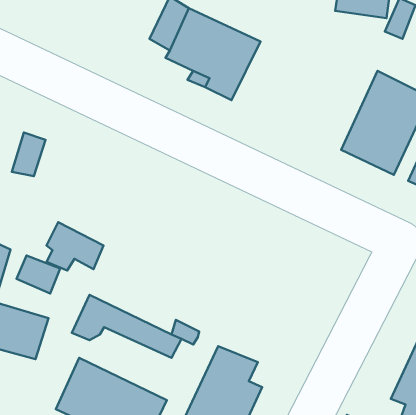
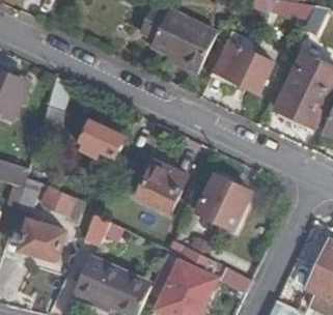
building: none -> [210,42,270,93]
building: none -> [137,161,187,211]
building: [47,222,104,270] -> [84,121,124,155]
building: none -> [198,173,251,228]

